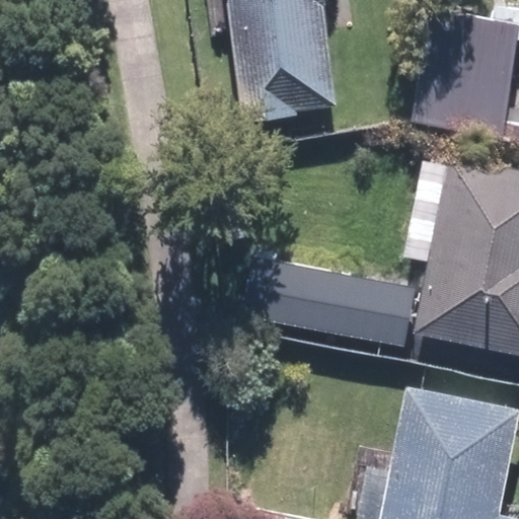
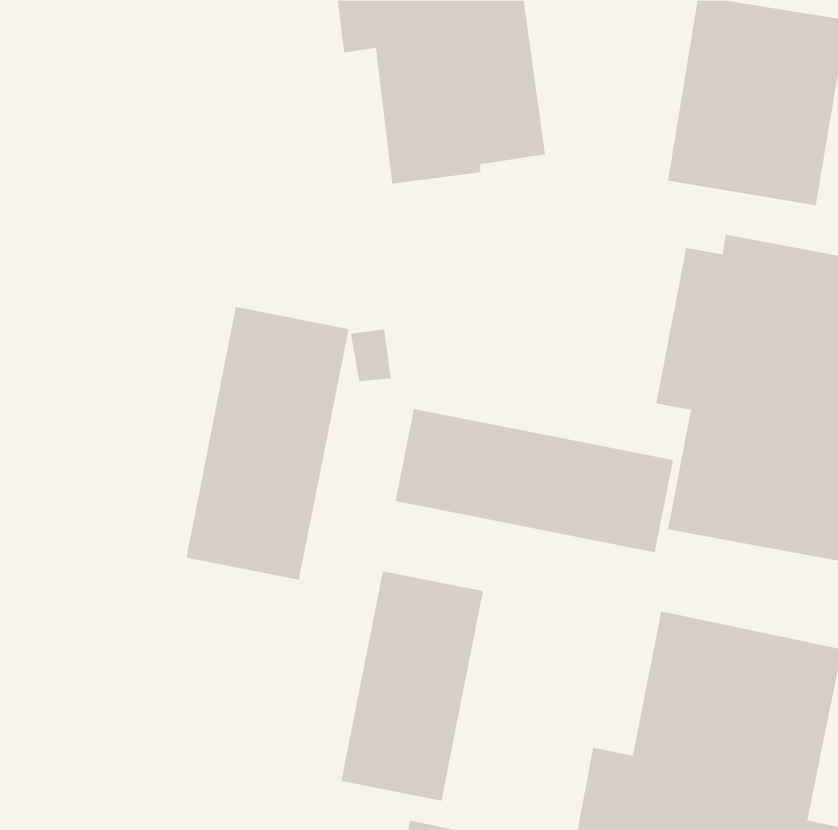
building: none -> [186,306,349,581]
building: none -> [341,570,483,802]

